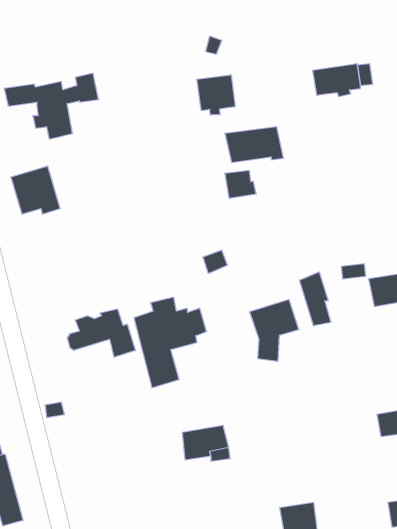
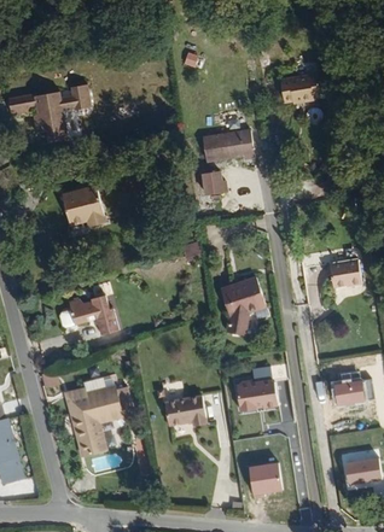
building: [197,75,235,115] -> none
building: [11,166,60,214] -> [62,180,105,222]
building: [299,272,331,326] -> none
building: [134,297,207,388] -> [66,373,130,452]
building: none -> [237,375,278,409]

